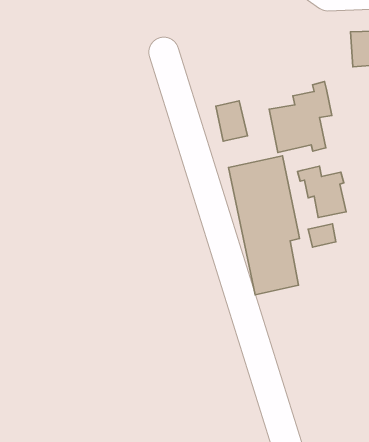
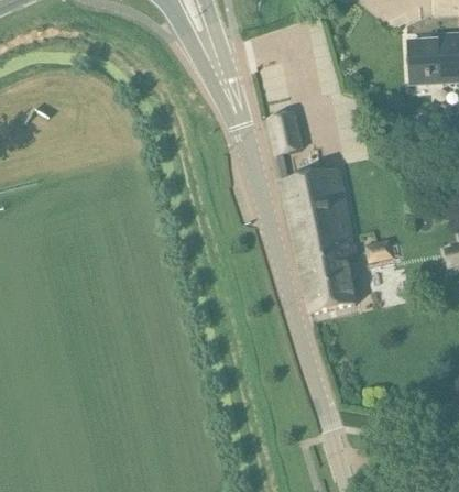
building: [269,82,332,153] -> none
building: [297,166,346,217] -> none

